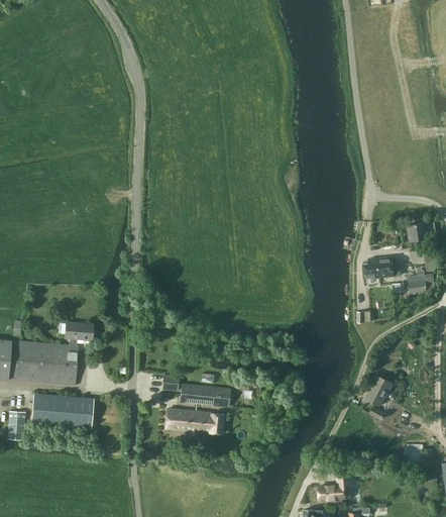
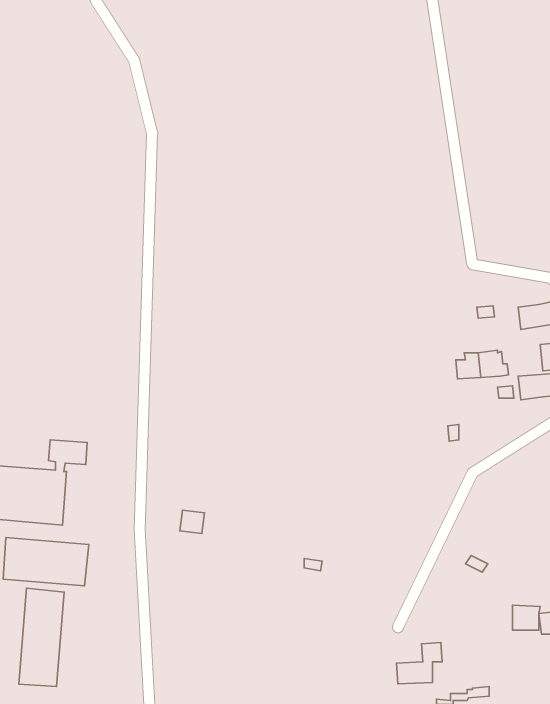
building: [365,376,392,406] -> none
building: [179,383,230,407] -> none
building: [164,408,225,440] -> none
building: none -> [19,588,64,686]

